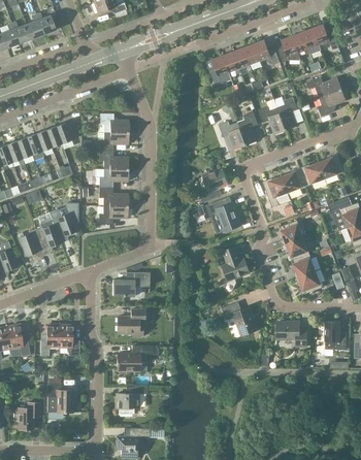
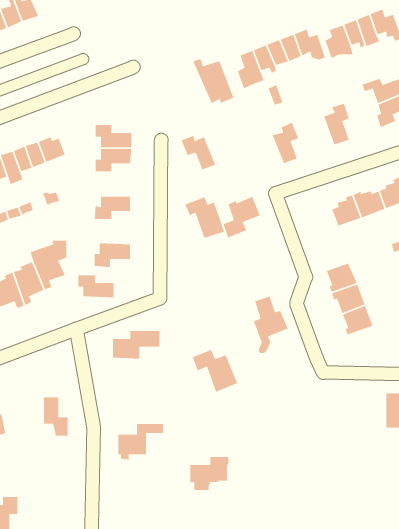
building: none -> [192,58,234,104]
building: [259,106,286,134] -> none
building: [219,121,247,149] -> [180,135,216,171]
building: [100,151,128,169] -> none
building: [263,178,289,207] -> none
building: [99,188,128,206] -> [77,274,114,298]
building: [209,198,241,231] -> [184,196,225,239]
building: [296,270,323,294] -> none
building: [223,302,259,336] -> [192,349,238,393]
building: [118,309,145,338] -> none
building: [276,321,307,347] -> none
building: [41,325,60,356] -> none
building: [47,383,73,413] -> none
building: [117,387,147,414] -> [189,456,229,491]

